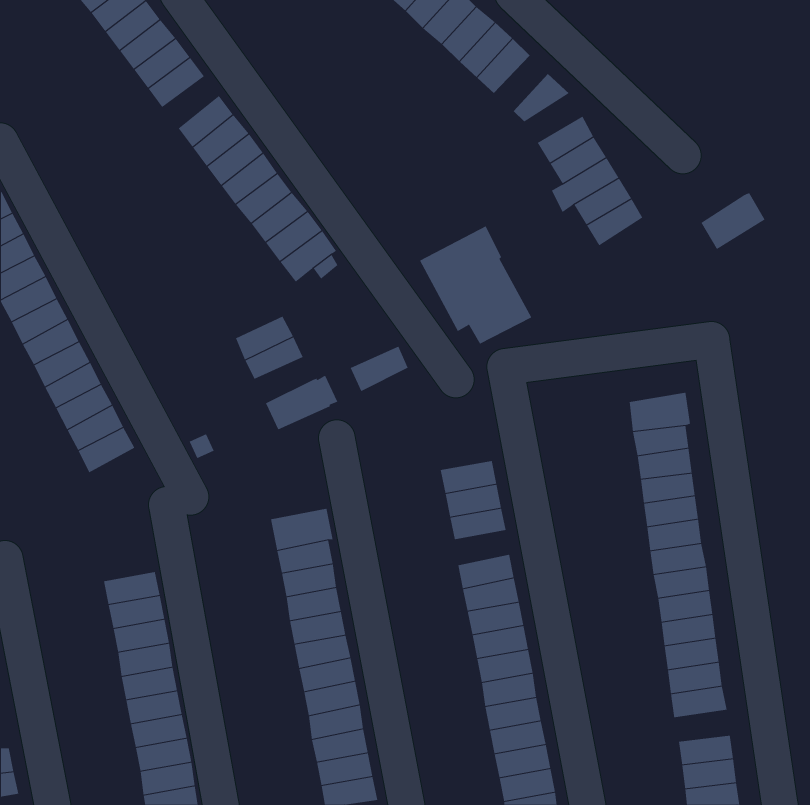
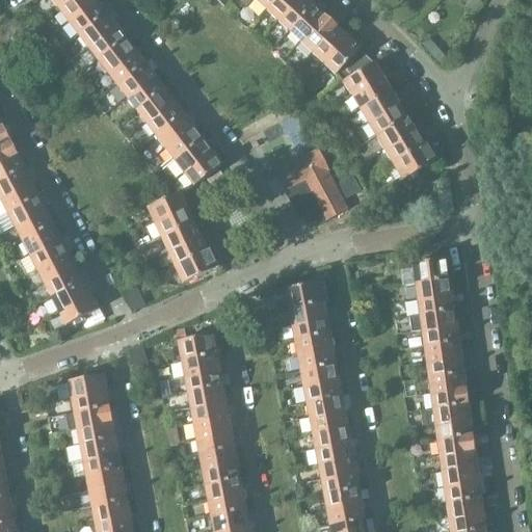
building: none -> [324,36,360,73]
building: none -> [107,50,144,84]
building: none -> [344,61,382,94]
building: [700,193,766,250] -> [393,141,435,179]
building: none -> [148,191,186,221]
building: [350,346,409,392] -> [167,234,206,264]
building: none -> [286,281,326,308]
building: none -> [59,293,98,324]
building: none -> [298,347,335,370]
building: none -> [442,464,479,485]

